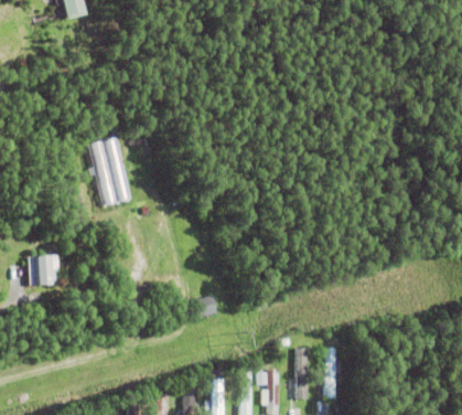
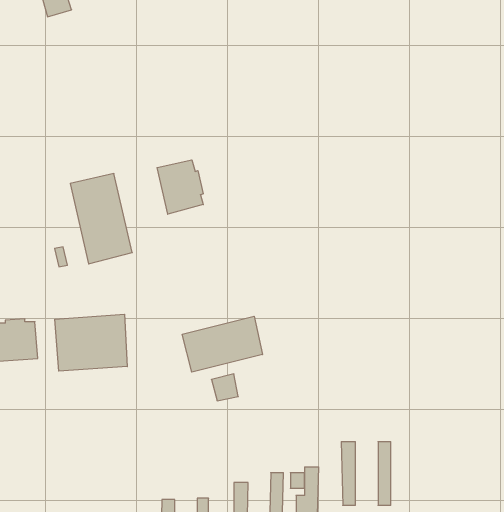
building: none -> [157,160,203,214]
building: none -> [55,314,127,371]
building: none -> [182,316,262,372]

